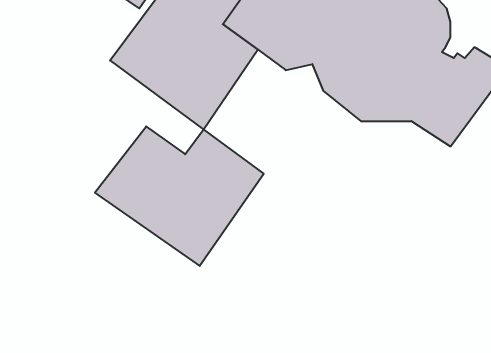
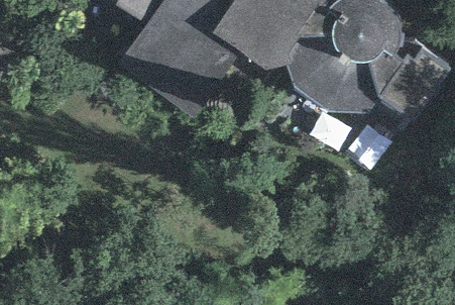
building: [95,126,264,266] -> none

